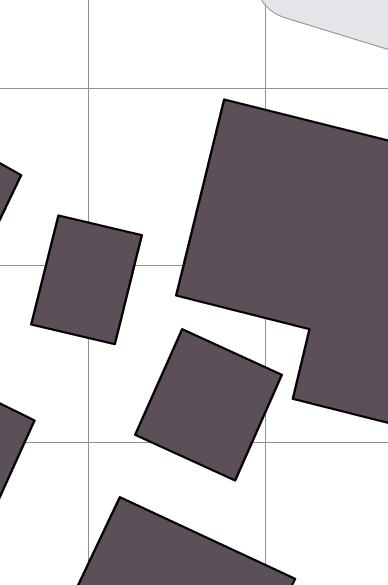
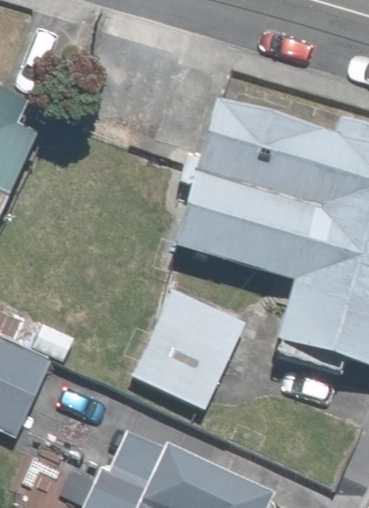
building: [31,216,142,344] -> none

